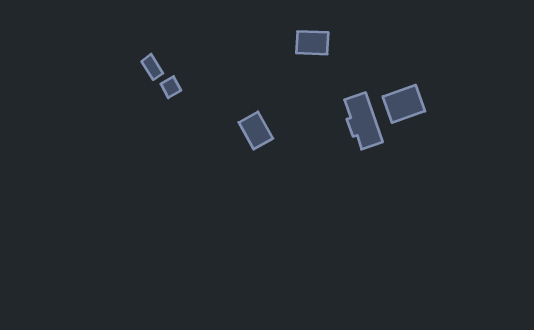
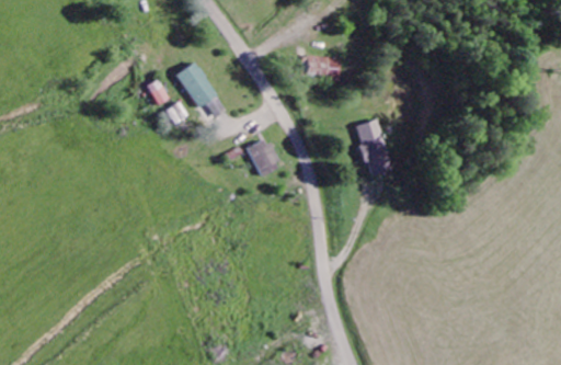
building: none -> [173,61,216,109]
building: [383,85,425,123] -> none

